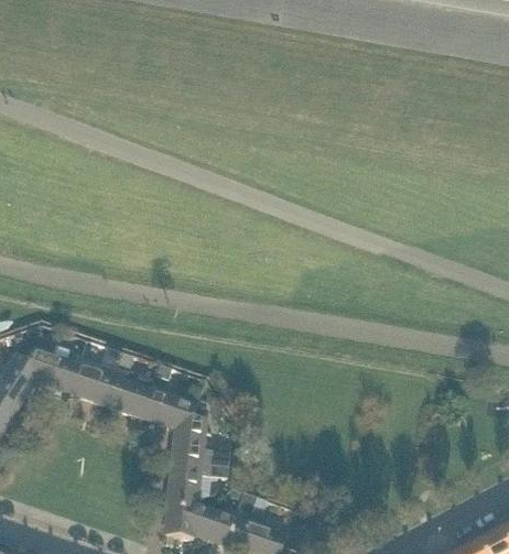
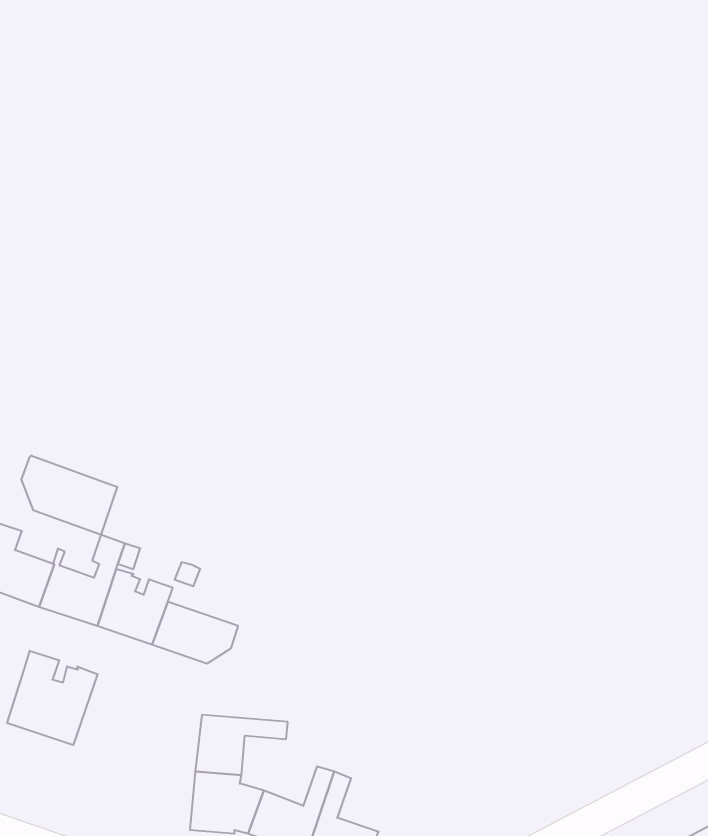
building: none -> [21,455,117,535]
building: [173,404,230,465] -> none
building: none -> [7,651,98,745]

